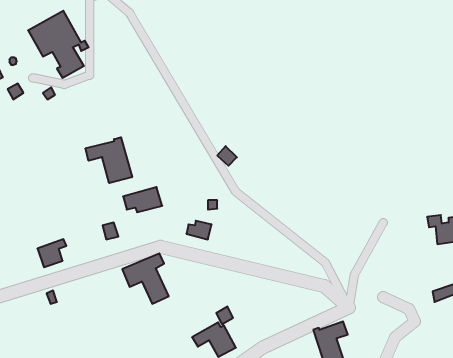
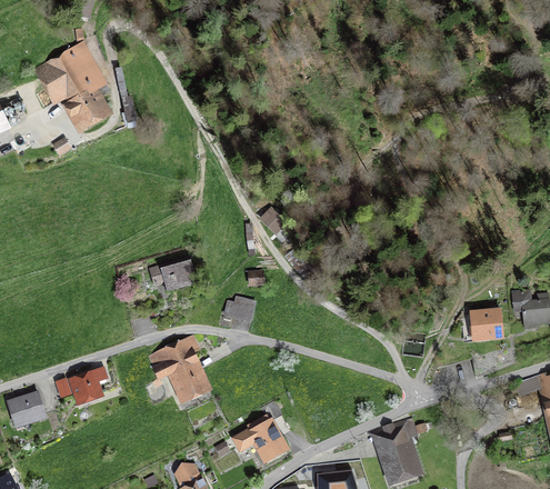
building: [86,137,132,183] -> none
building: none -> [472,306,501,338]
building: [37,239,66,267] -> [71,369,106,402]
building: none -> [8,392,46,425]

